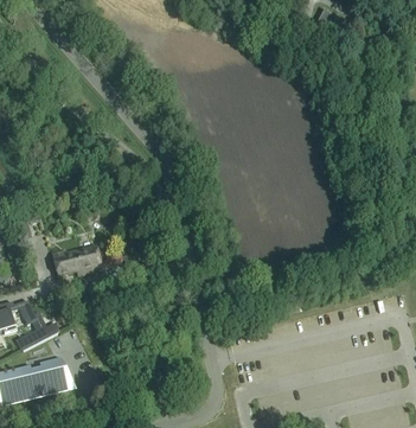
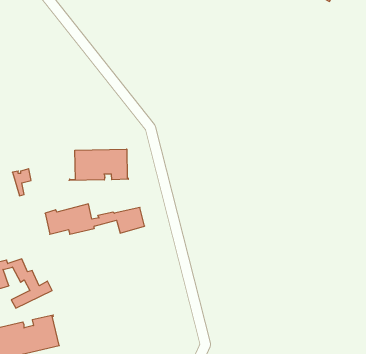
building: none -> [69,149,128,180]

